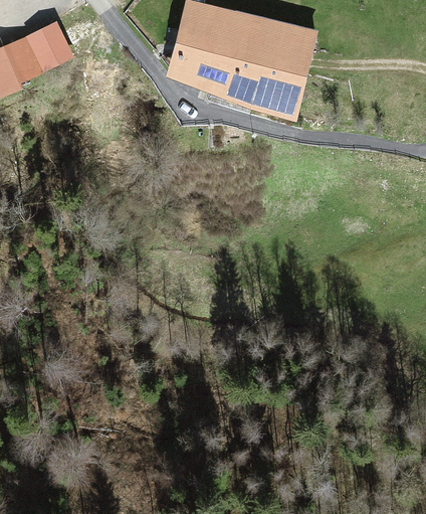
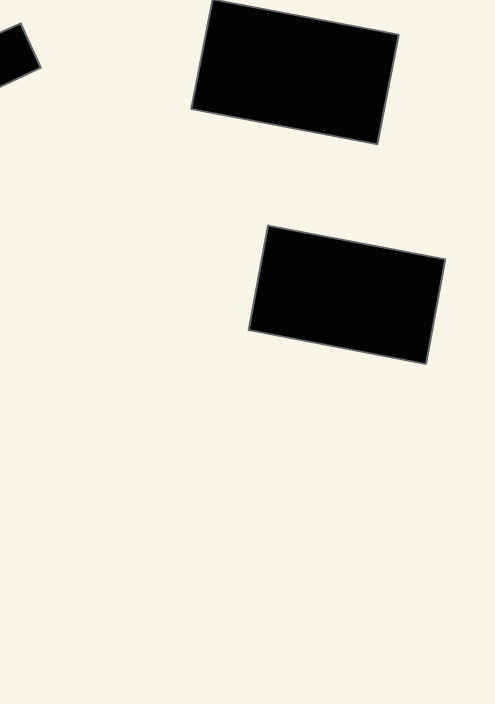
building: none -> [249,225,445,364]

